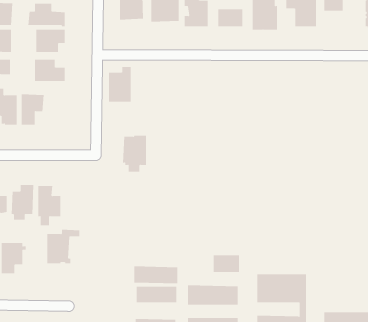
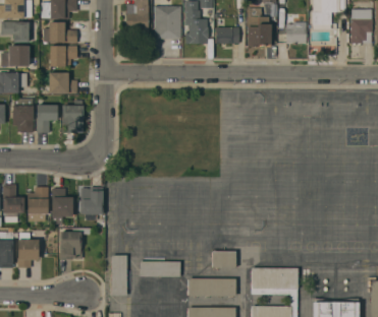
building: [108,66,131,102] -> [61,101,83,133]
building: [122,135,147,172] -> [79,187,102,220]
building: none -> [111,255,126,296]

